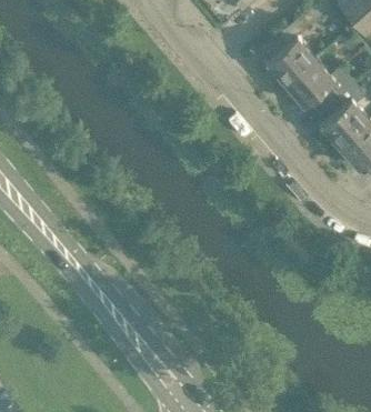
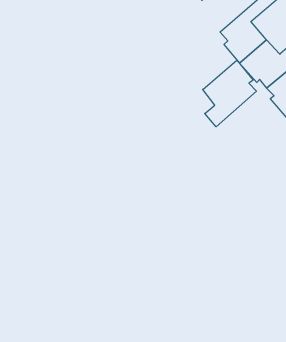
building: none -> [203,60,256,127]

